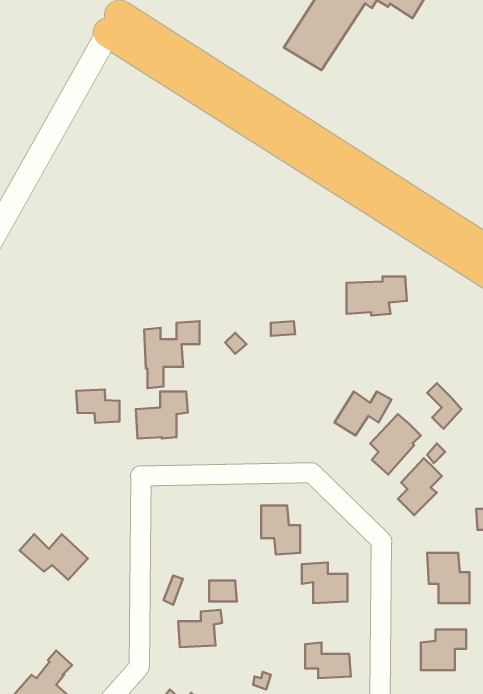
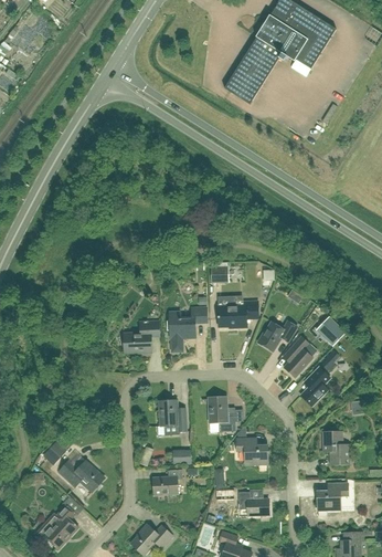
building: [347,276,407,316] -> [217,301,258,327]
building: [144,321,199,388] -> [169,306,206,351]
building: [76,389,120,423] -> none
building: none -> [159,399,187,431]
building: [19,534,88,580] -> [57,460,104,491]

